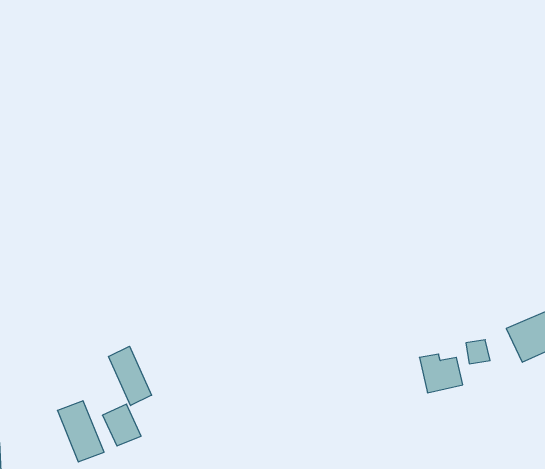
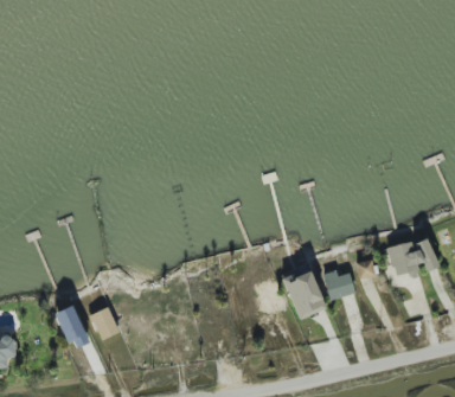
building: [109,346,152,406] -> none
building: none -> [282,267,325,316]

